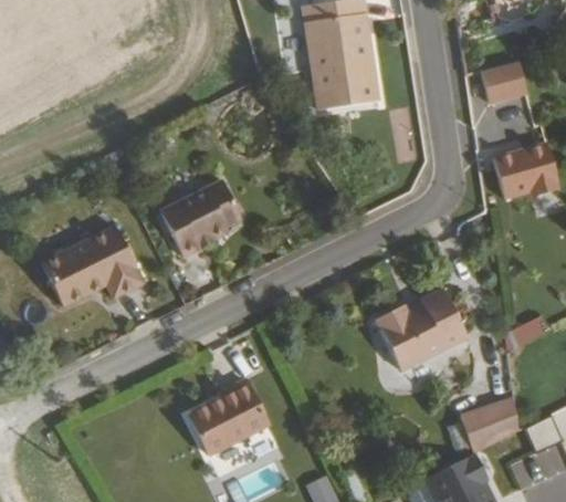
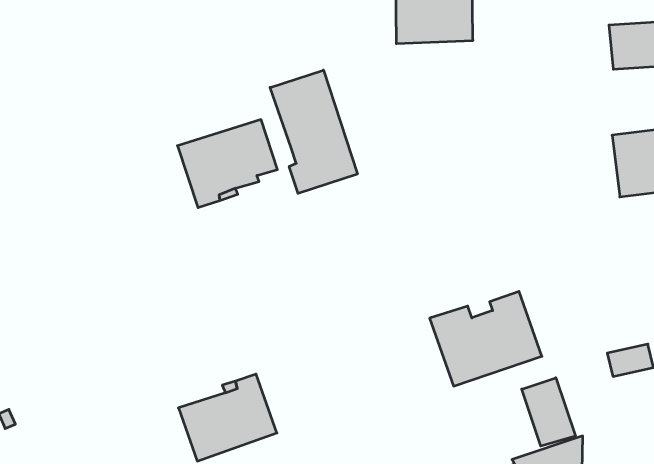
building: none -> [270,70,357,193]
building: [39,223,140,303] -> none
building: none -> [522,378,575,446]

